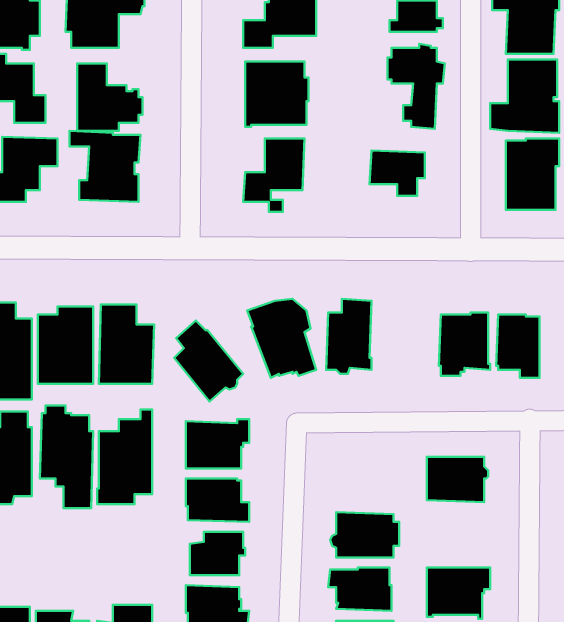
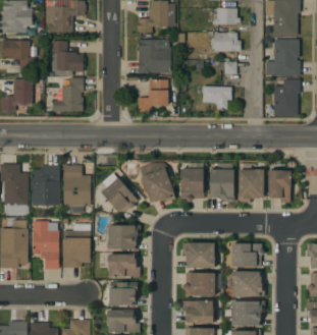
building: none -> [209,169,233,202]
building: none -> [181,242,214,268]
building: none -> [231,271,264,296]

